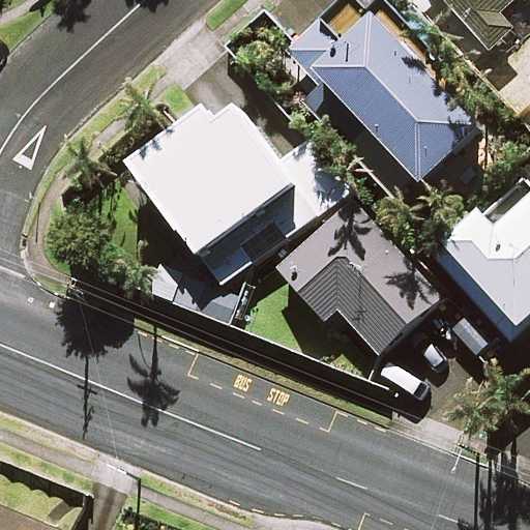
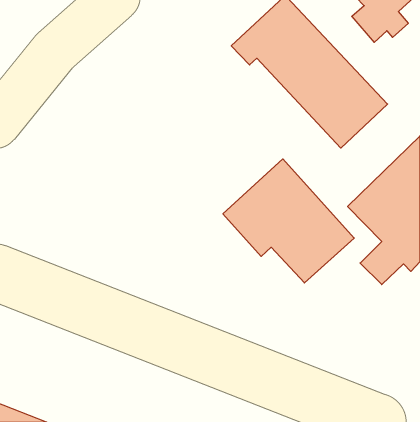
building: [126,107,337,291] -> none

